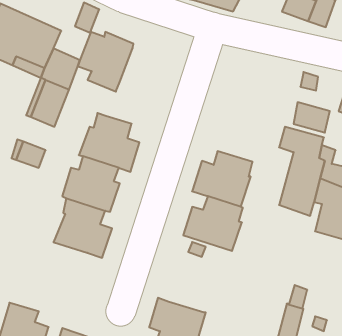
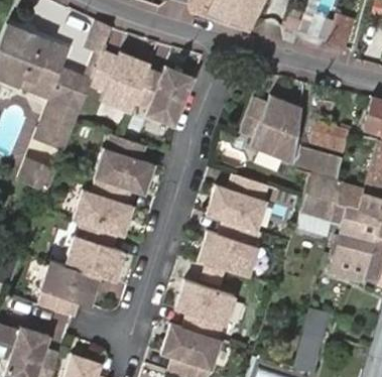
building: none -> [131,65,192,127]
building: none -> [239,96,300,162]
building: none -> [37,262,98,319]
building: none -> [174,280,234,340]

